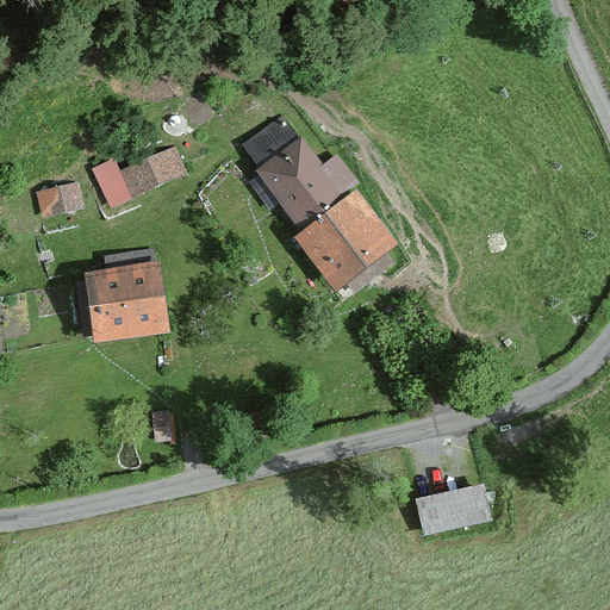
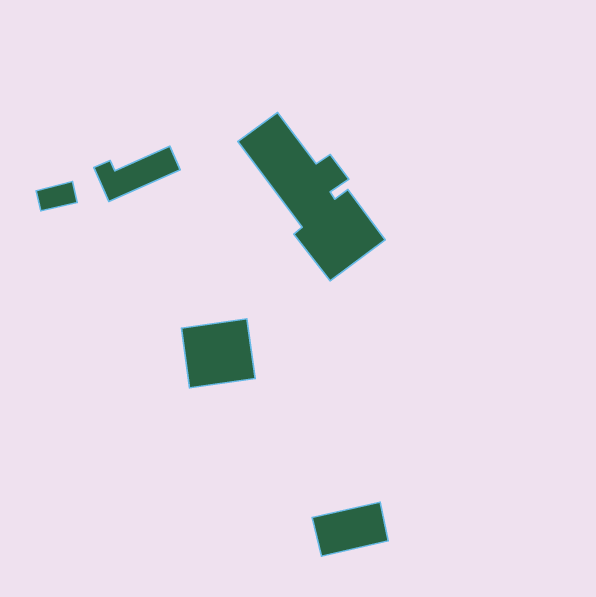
building: [87,267,162,337] -> [181,319,255,388]
building: [412,480,490,535] -> [312,502,388,556]

